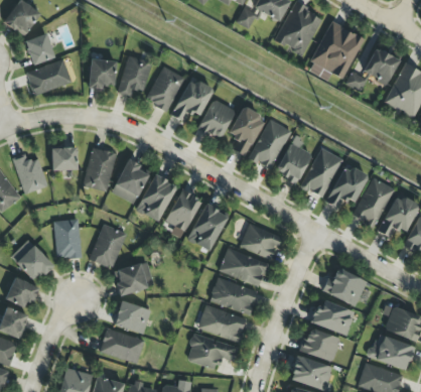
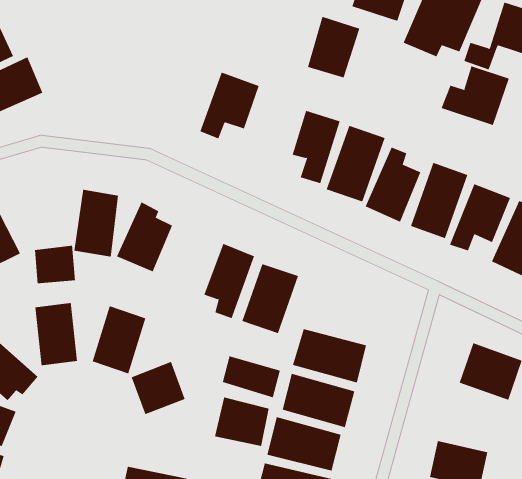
building: [119,55,152,96] -> none
building: [89,59,116,89] -> none
building: [146,67,185,112] -> none
building: none -> [441,66,510,126]
building: [198,99,235,140] -> [307,16,360,78]
building: [52,147,78,170] -> [34,245,76,284]
building: [135,174,177,222] -> none
building: [240,224,282,260] -> none
building: none -> [222,356,280,398]
building: [114,300,151,335] -> [214,397,270,447]
building: [310,301,356,336] -> none

